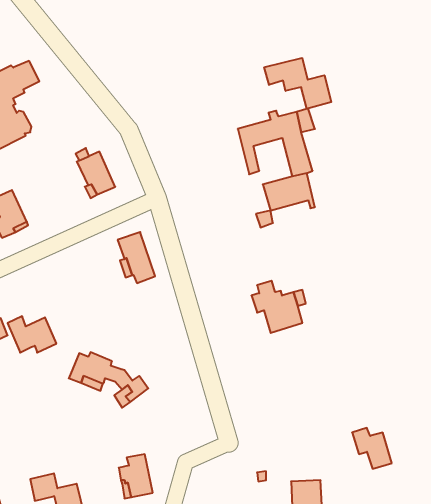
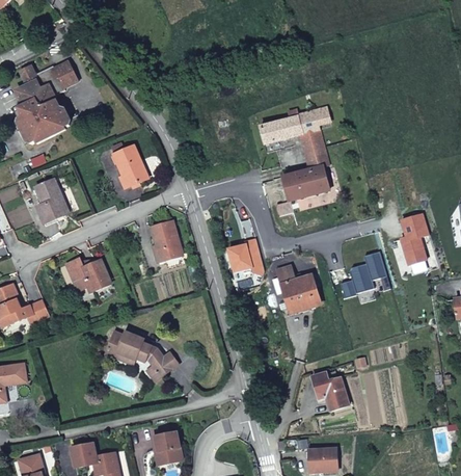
building: [264,58,331,109] -> none
building: none -> [400,213,428,264]
building: none -> [228,238,265,274]
building: none -> [340,250,386,297]
building: [8,316,56,353] -> [65,258,110,291]
building: [352,428,392,469] -> [311,372,348,409]

